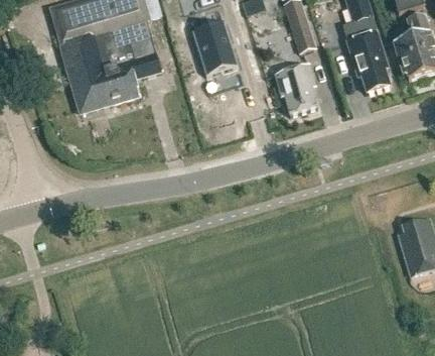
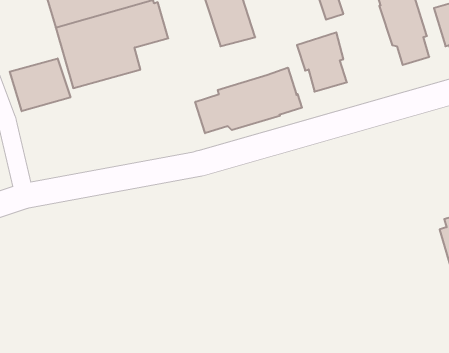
building: none -> [10,58,70,111]
building: none -> [195,68,302,133]

